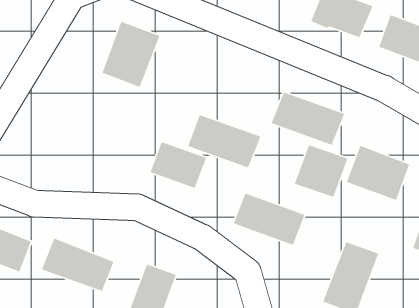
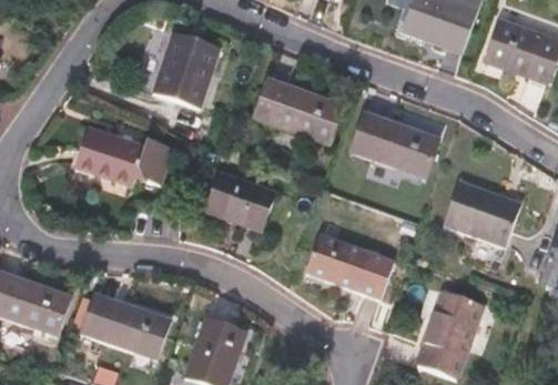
building: none -> [78,128,150,190]
building: [187,114,262,168] -> [256,79,346,144]
building: [294,144,349,198] -> none

